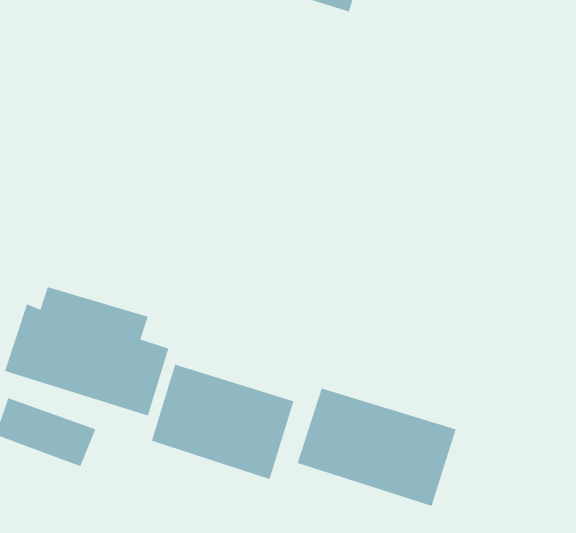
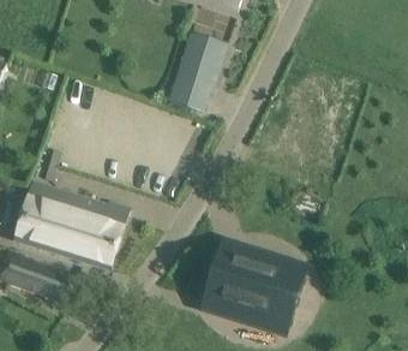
building: none -> [169,37,226,109]
building: [151,364,294,480] -> none

